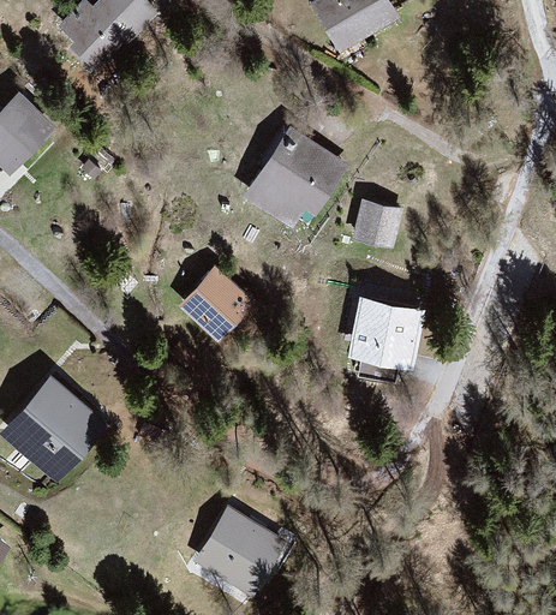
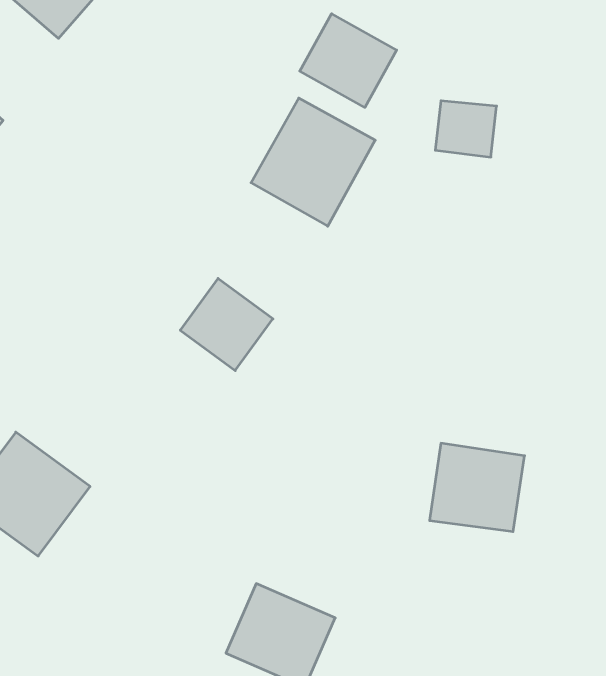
building: none -> [300,14,397,107]
building: [353,202,403,249] -> [435,101,497,157]
building: [343,295,422,369] -> [430,443,525,532]

